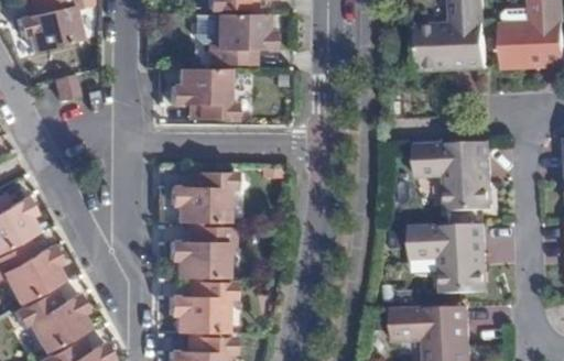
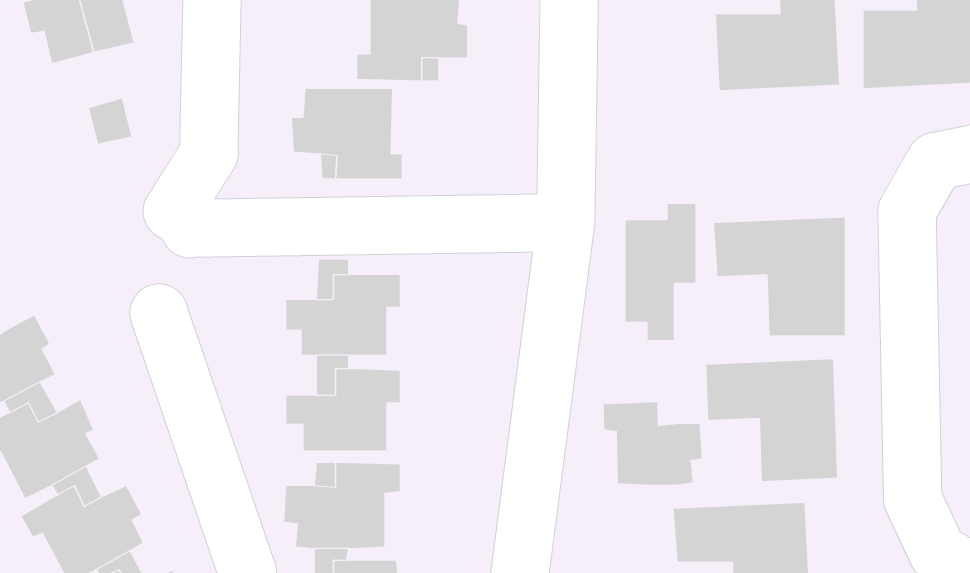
building: none -> [625,203,696,341]
building: none -> [603,401,702,485]

